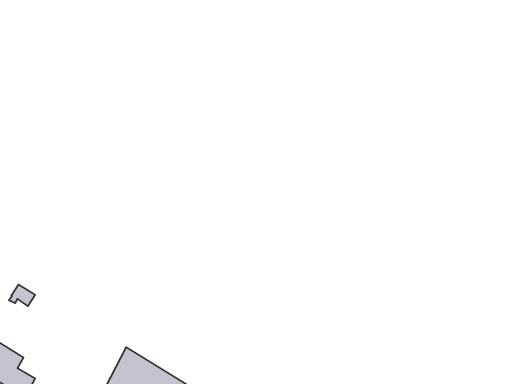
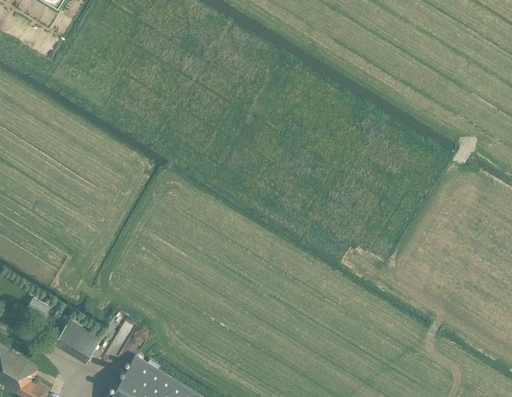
building: none -> [53,317,99,361]

